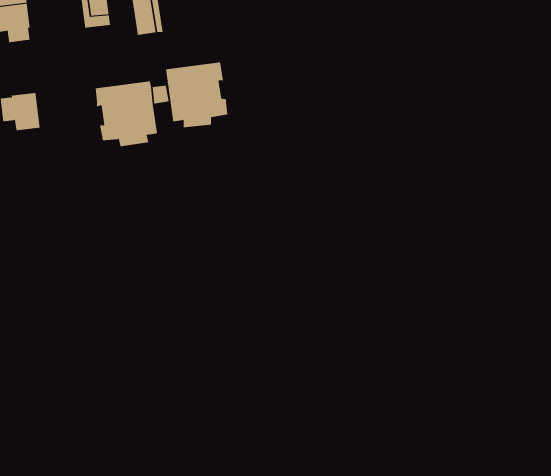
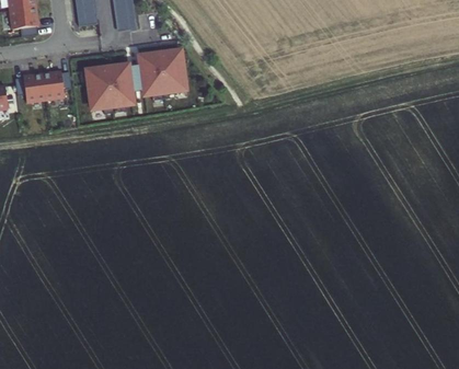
building: none -> [42,70,71,99]

